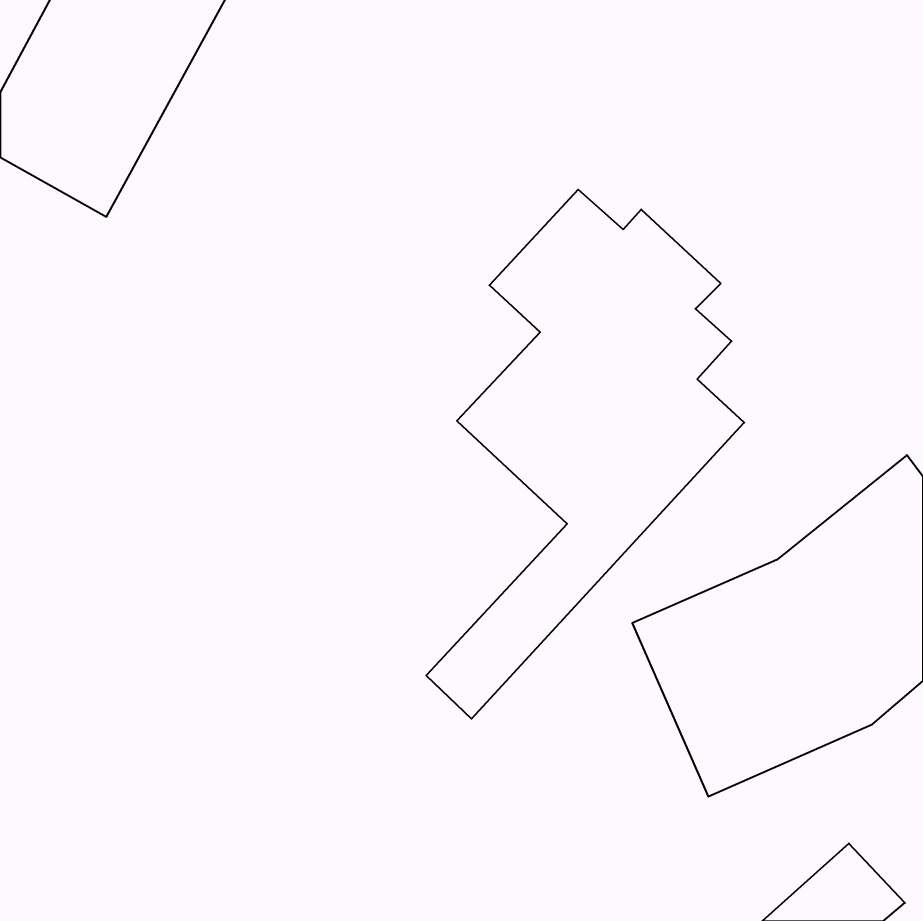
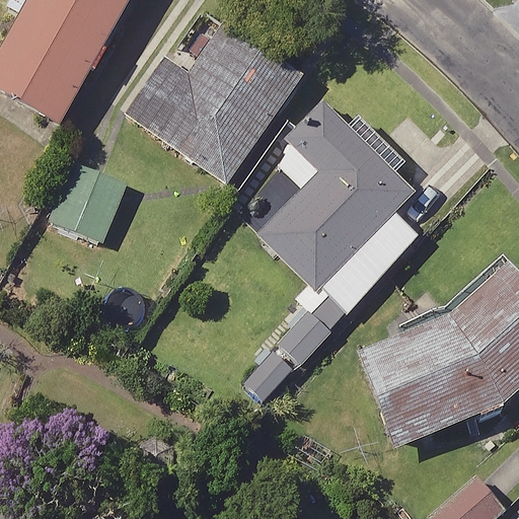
building: none -> [126,22,301,184]
building: none -> [49,162,128,244]

